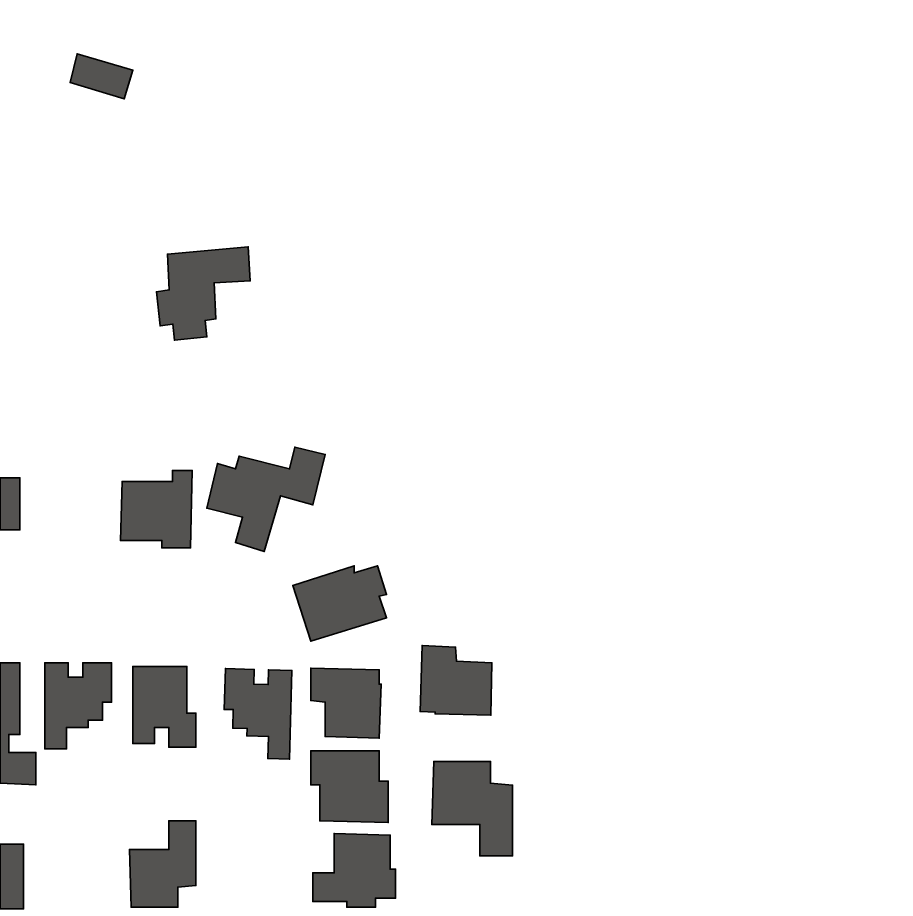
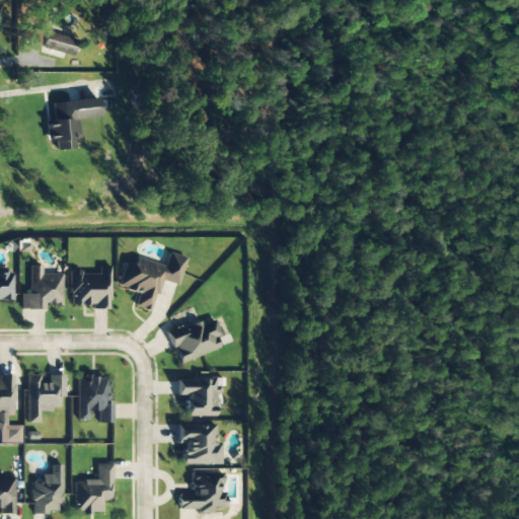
building: [157,247,250,340] -> [48,97,100,150]
building: none -> [22,265,64,309]
building: [420,645,492,715] -> none
building: [224,669,292,759] -> none
building: [432,761,512,856] -> none
building: none -> [33,464,63,513]

